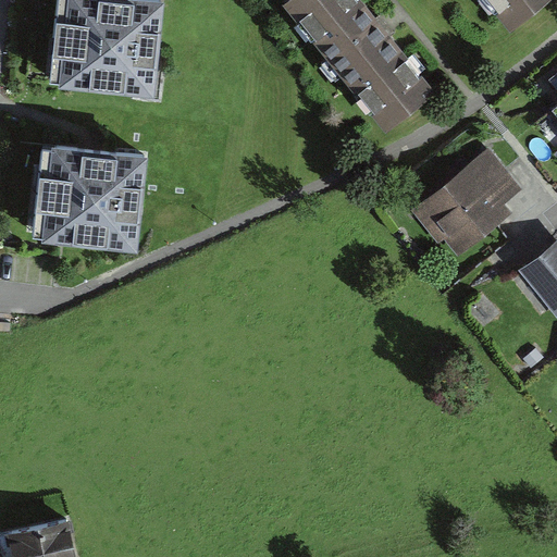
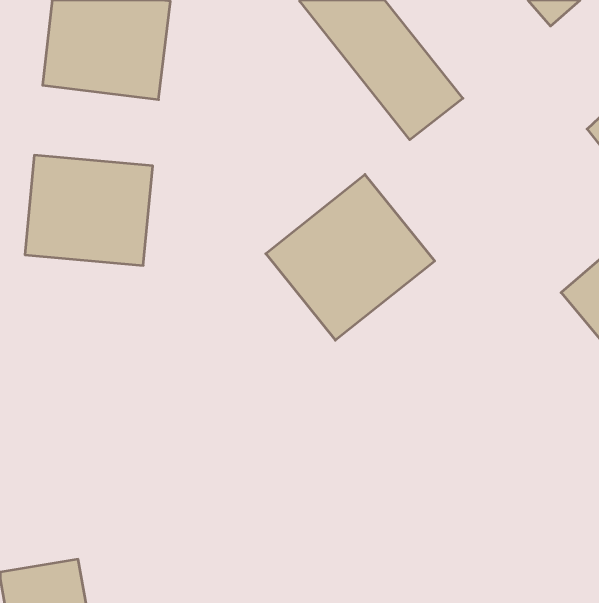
building: [417,152,523,257] -> none
building: none -> [266,174,435,340]

